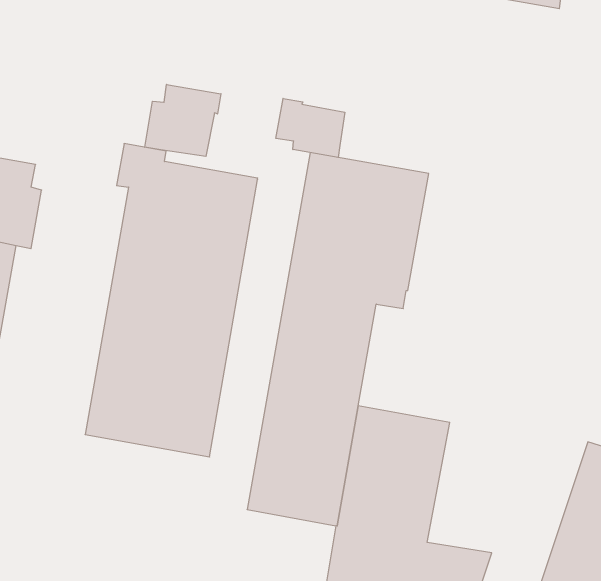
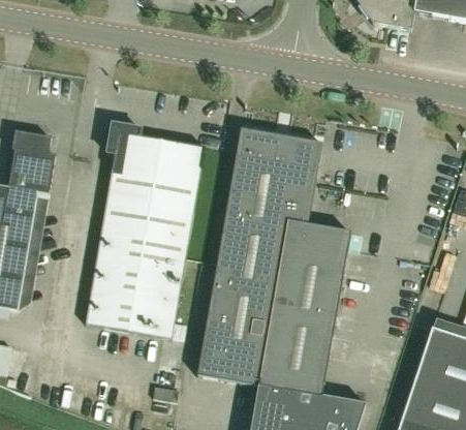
building: [145,84,221,156] -> none
building: [276,98,345,157] -> none
building: none -> [274,222,351,313]

